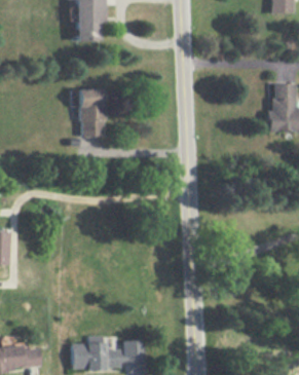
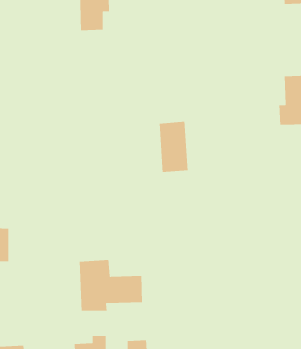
building: [78,88,107,139] -> [159,121,188,173]
building: none -> [79,259,143,312]

